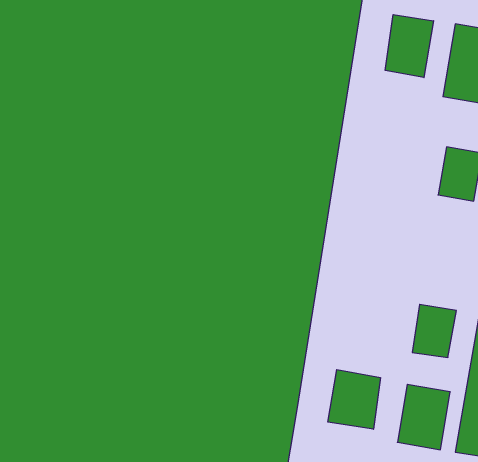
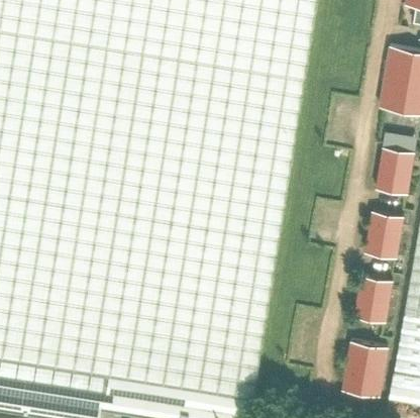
building: [385,15,434,78] -> none
building: none -> [365,210,401,254]
building: [328,370,380,429] -> none

